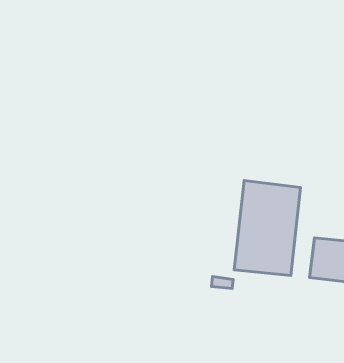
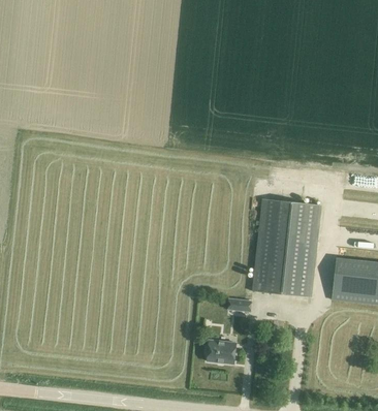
building: none -> [204,339,235,362]

